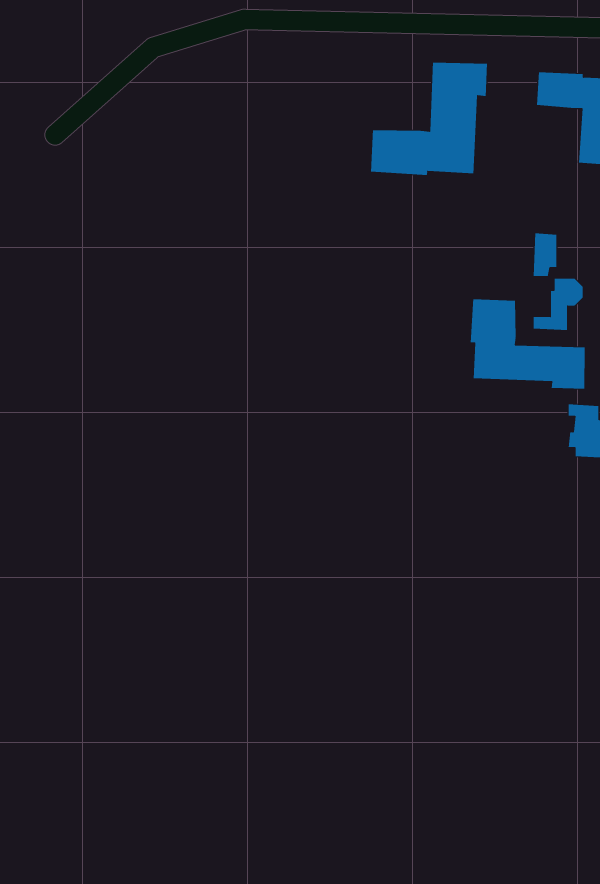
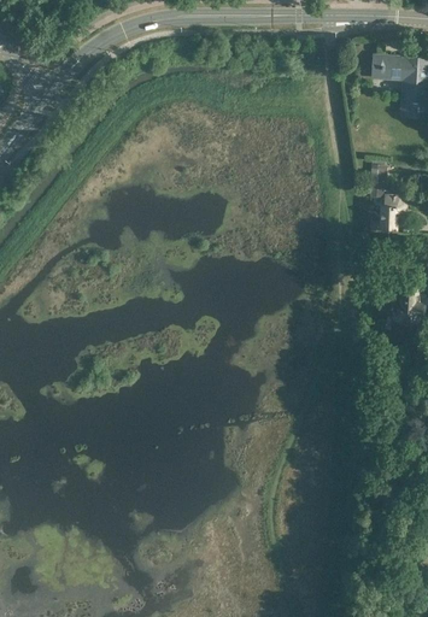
building: [370,62,488,176] -> none
building: [470,298,585,390] -> none

